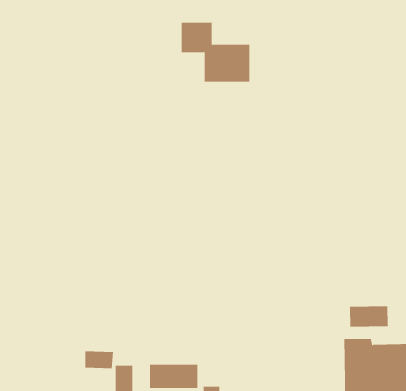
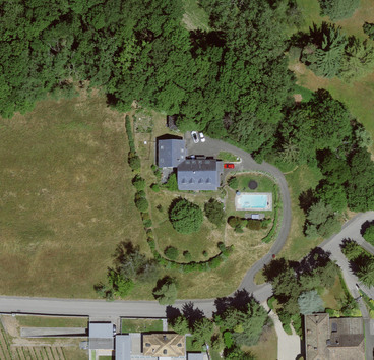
building: [181,22,250,82] -> [159,141,216,191]
building: [350,306,388,328] -> none

